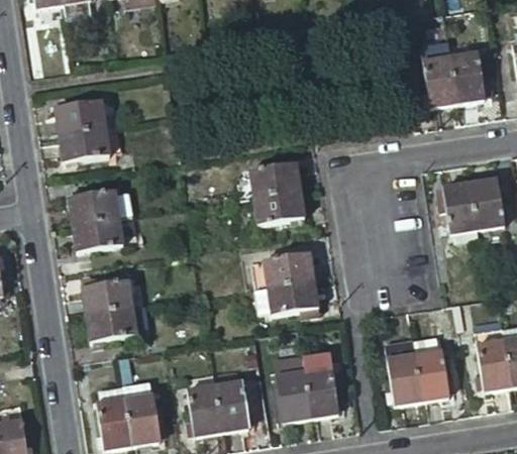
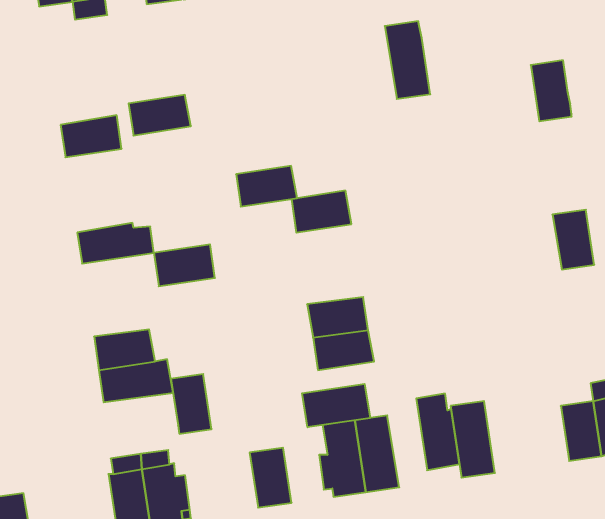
building: [420,42,458,108] -> [385,21,430,99]
building: [59,127,111,161] -> [129,95,191,136]
building: [442,183,479,243] -> none
building: [253,191,305,225] -> [236,166,297,207]
building: [73,217,124,252] -> [154,244,215,286]
building: none -> [302,384,370,427]
building: [412,336,448,401] -> [416,394,459,470]
building: [187,383,221,434] -> [171,374,212,434]

